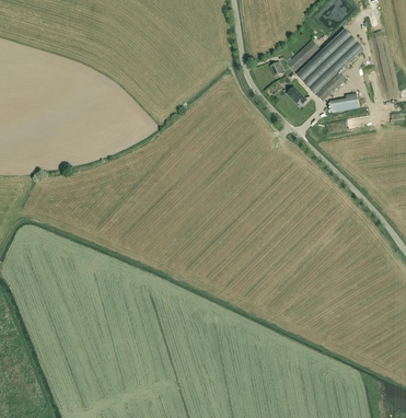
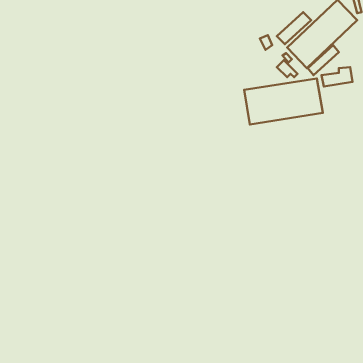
building: none -> [244,78,323,125]

